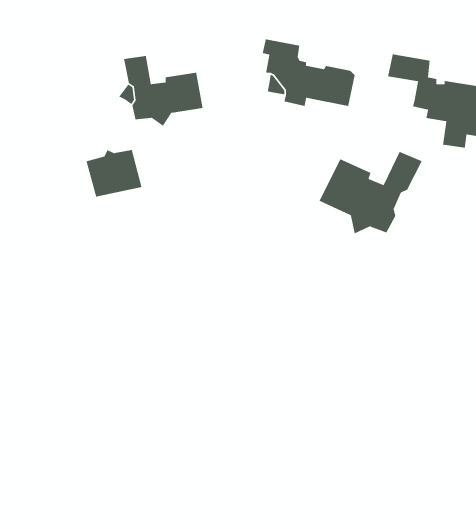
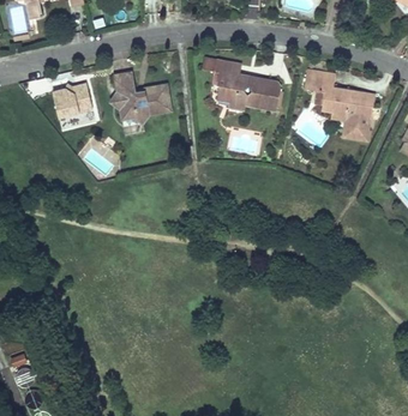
building: [86,149,142,197] -> [52,83,92,117]
building: [319,151,423,234] -> none

